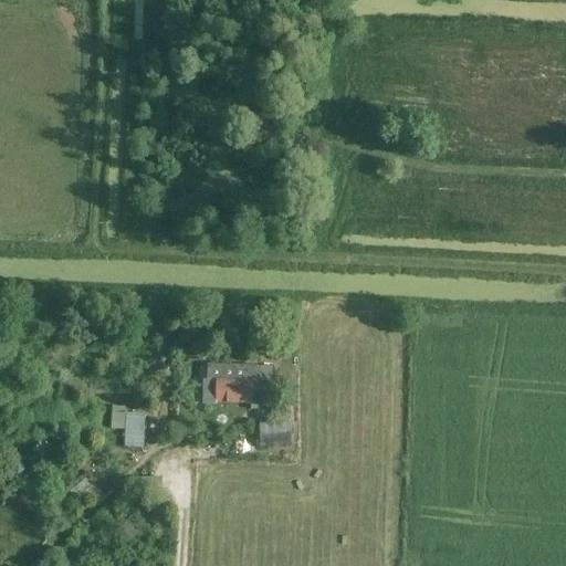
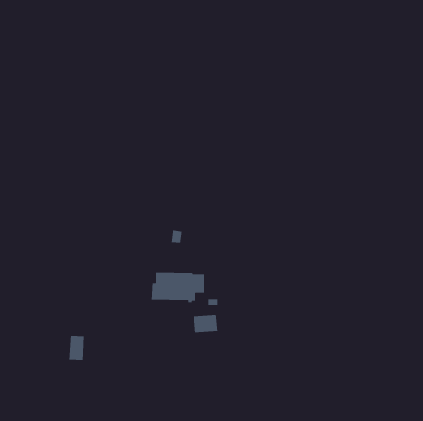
building: [123,410,144,444] -> [69,335,84,361]

